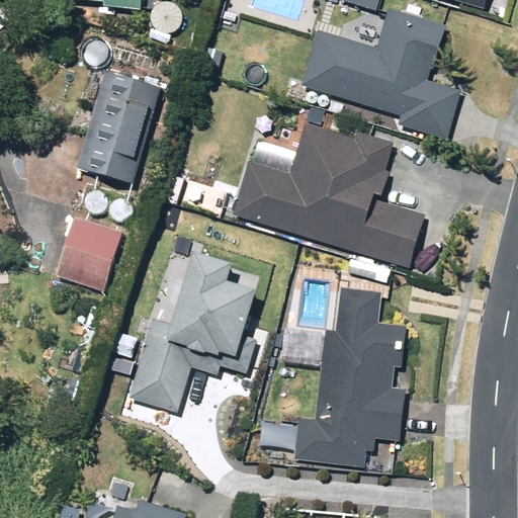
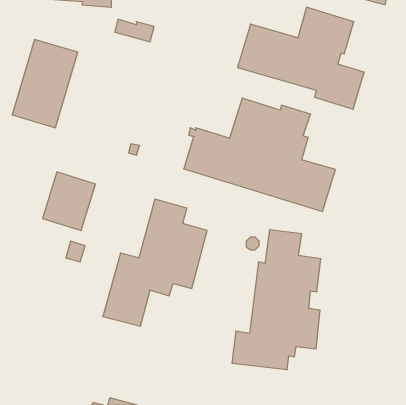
building: [77,73,160,184] -> [12,39,78,128]

